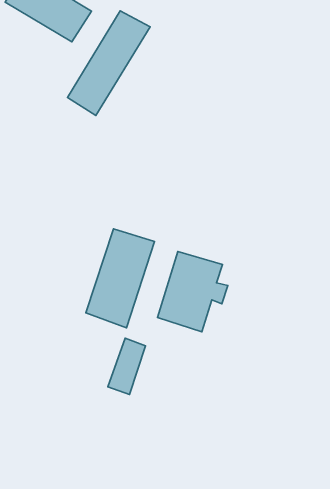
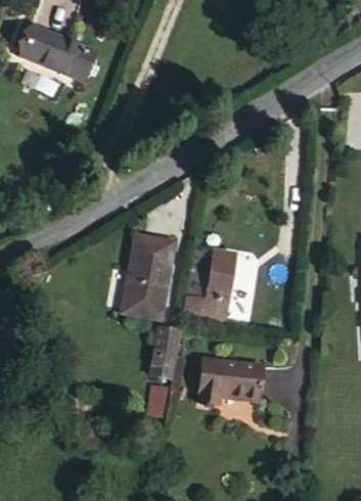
building: [68,11,150,116] -> none
building: none -> [198,357,263,401]

